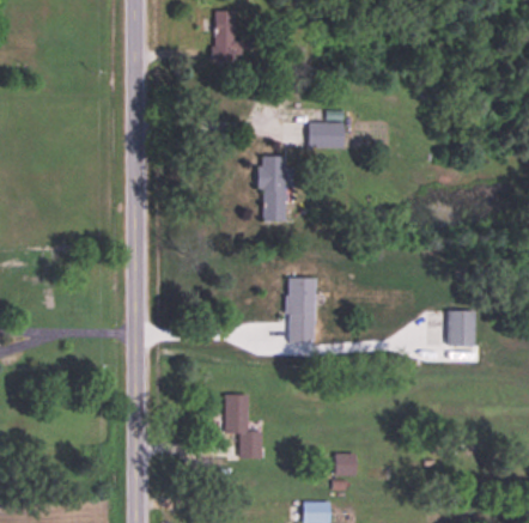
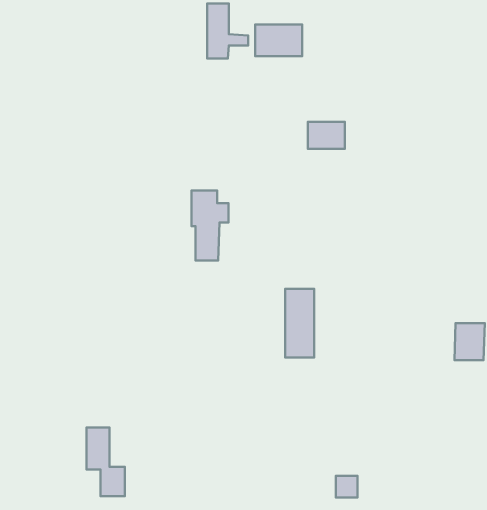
building: none -> [255,24,302,56]
building: [260,157,294,223] -> [192,191,229,261]
building: [226,395,262,460] -> [87,427,125,496]

